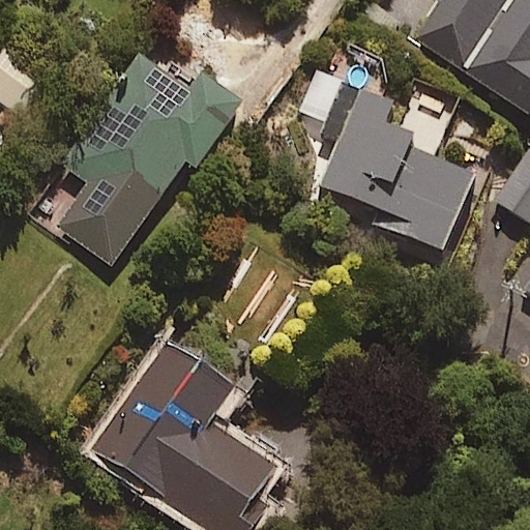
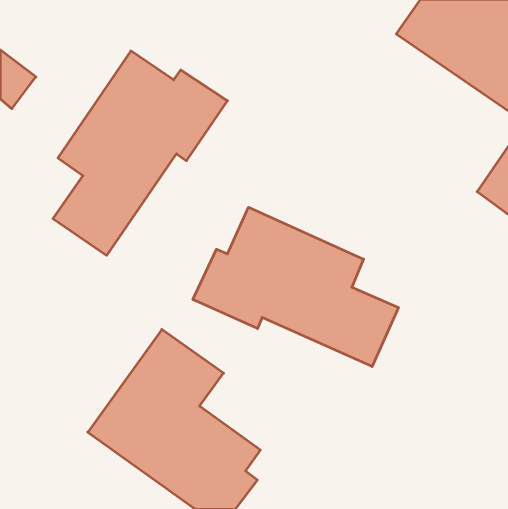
building: [314,75,474,245] -> none
building: none -> [193,207,398,367]

